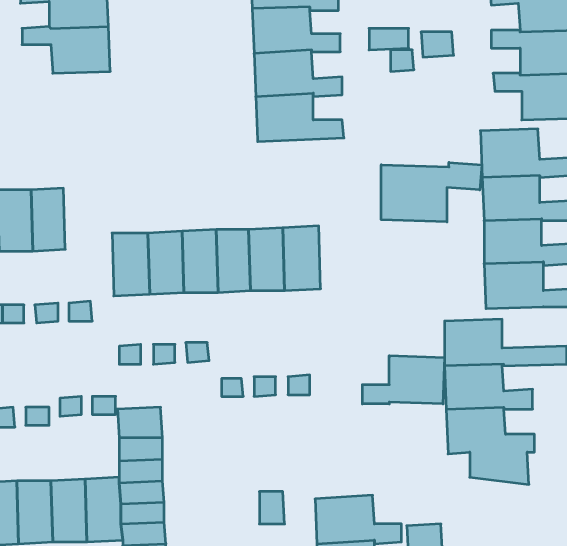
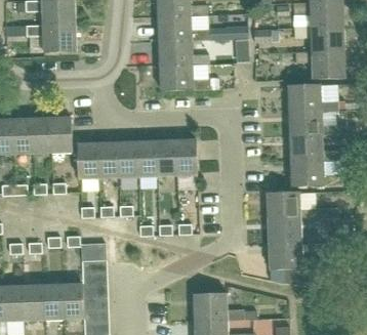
building: [381,162,482,222] -> none
building: none -> [49,117,71,153]
building: [362,356,445,404] -> none

